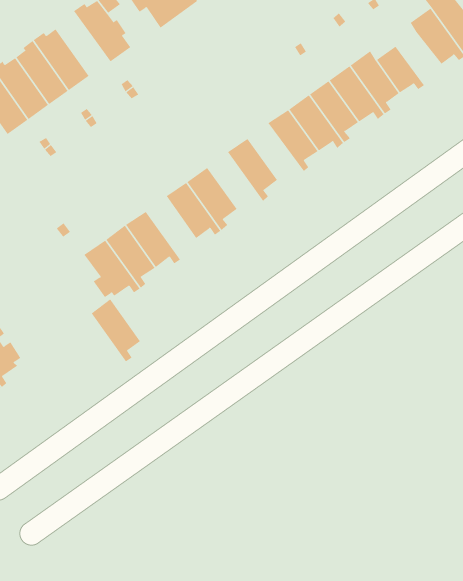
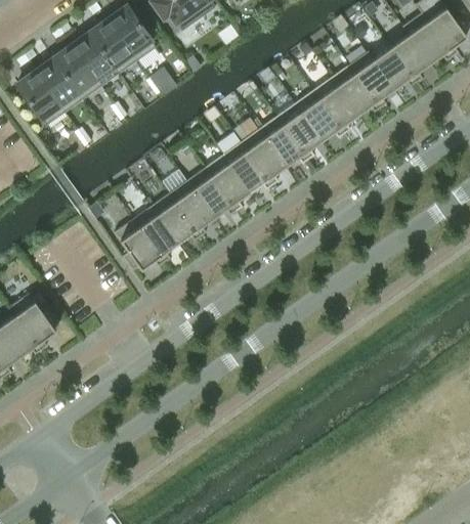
building: none -> [89,16,137,74]
building: none -> [390,35,430,82]
building: none -> [259,116,308,166]
building: none -> [223,141,272,191]
building: [91,298,141,362] -> [169,180,213,236]

